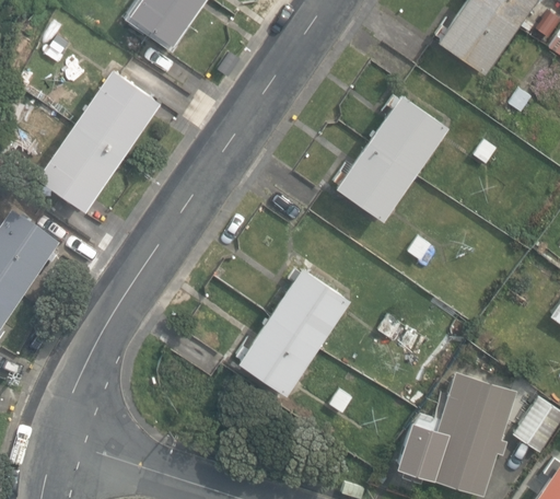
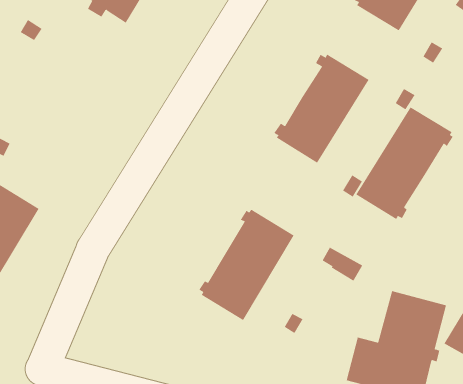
building: [37,70,159,211] -> none
building: none -> [355,106,453,220]

